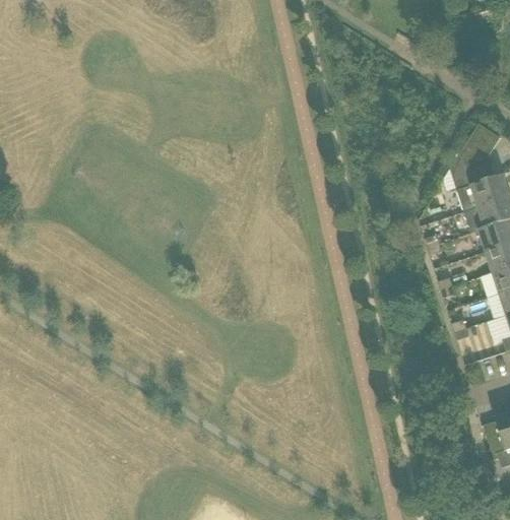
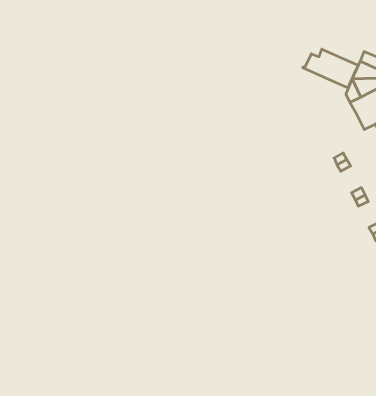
building: none -> [303,49,358,88]

